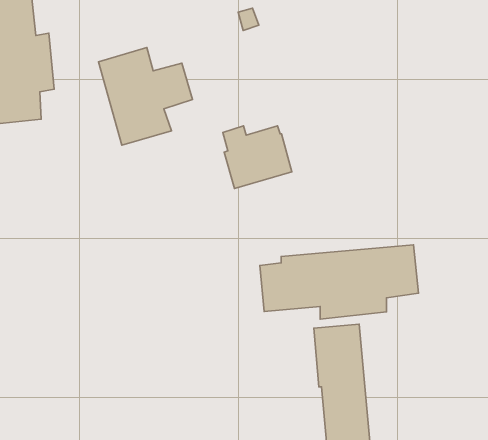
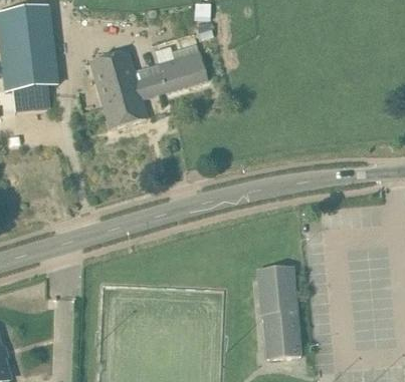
building: [223,126,292,189] -> [155,44,208,92]
building: [260,245,419,319] -> none

